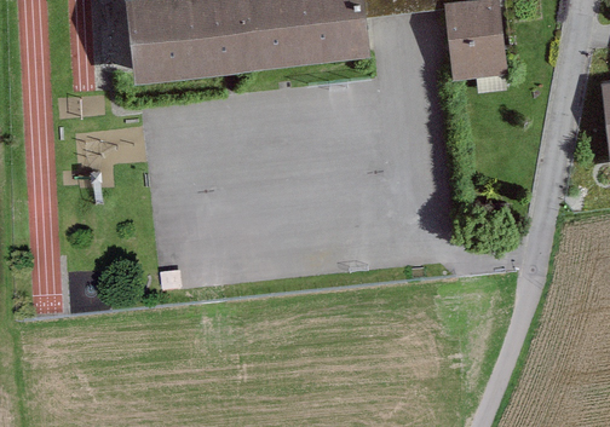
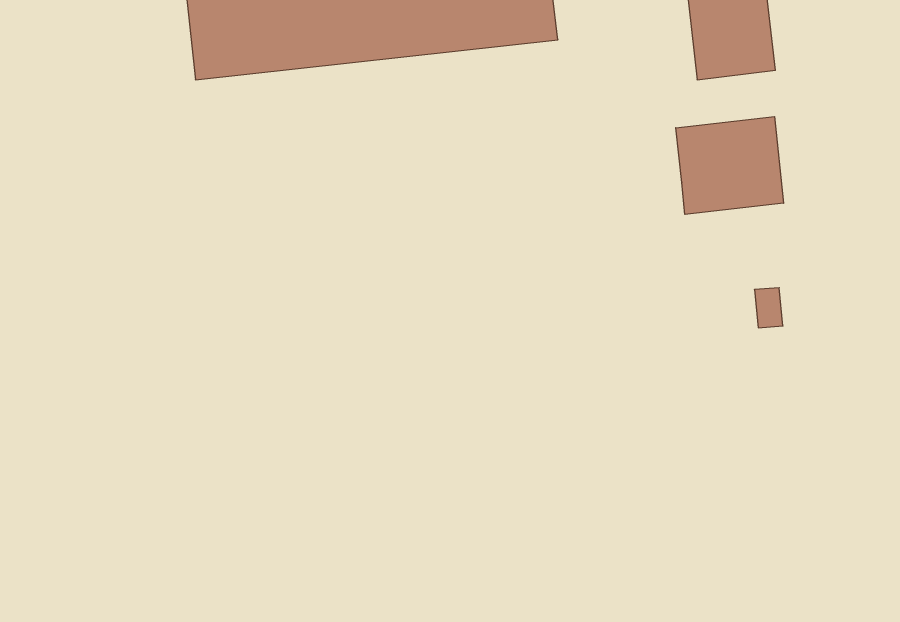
building: none -> [676,117,784,214]

